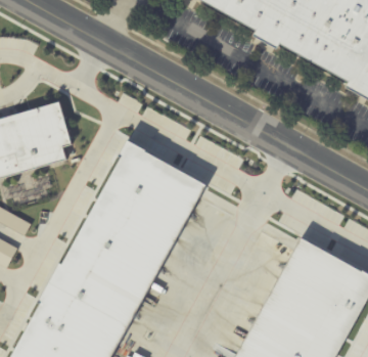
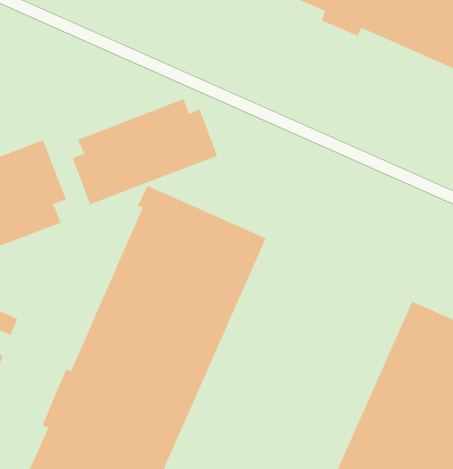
building: none -> [72,98,218,205]

